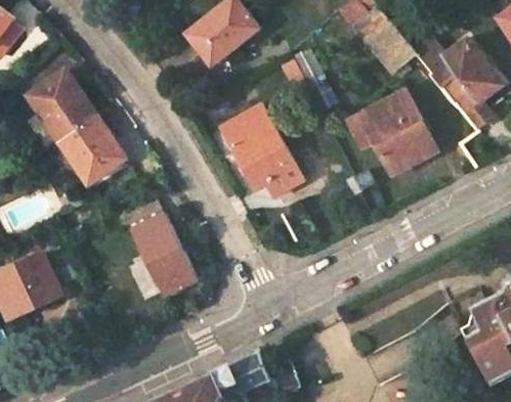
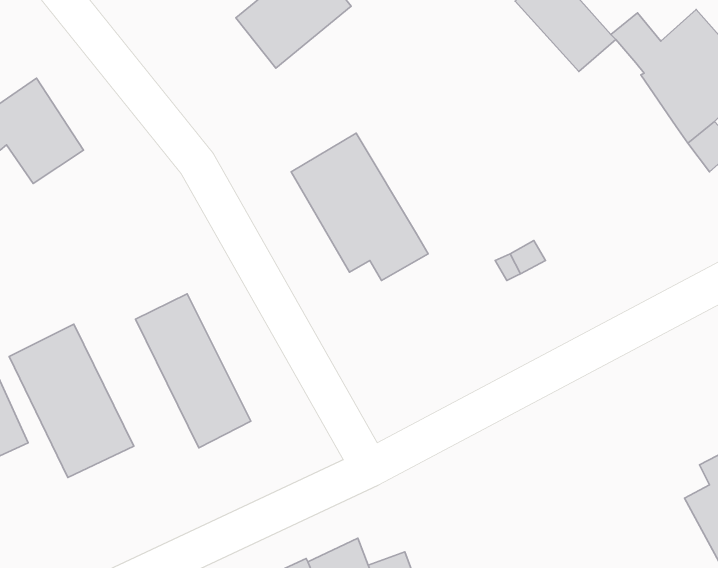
building: [348,93,435,176] -> none
building: [61,116,122,183] -> none
building: none -> [9,324,134,478]

